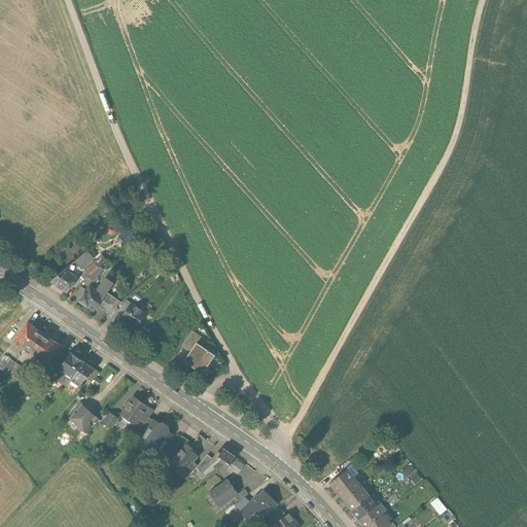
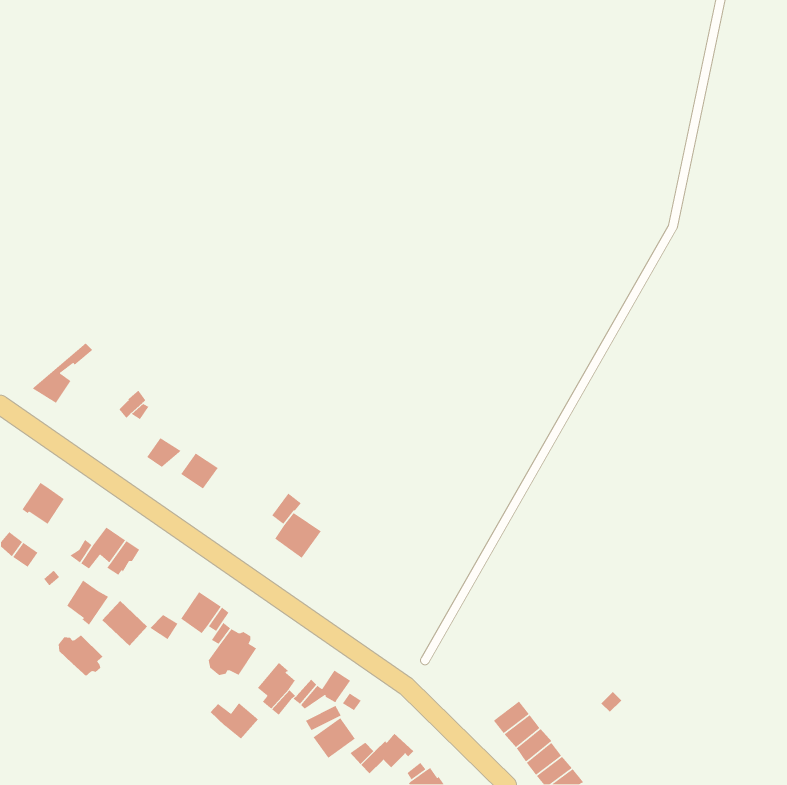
building: [50,250,92,291] -> [32,342,93,404]
building: [79,278,113,311] -> none
building: [32,333,61,364] -> [66,580,109,626]
building: none -> [58,635,103,677]
building: none -> [210,702,259,740]

